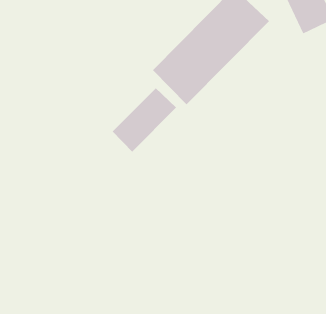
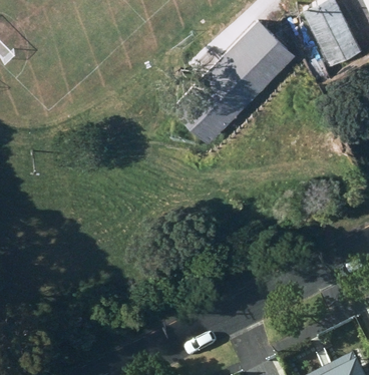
building: [112,87,177,152] -> none

